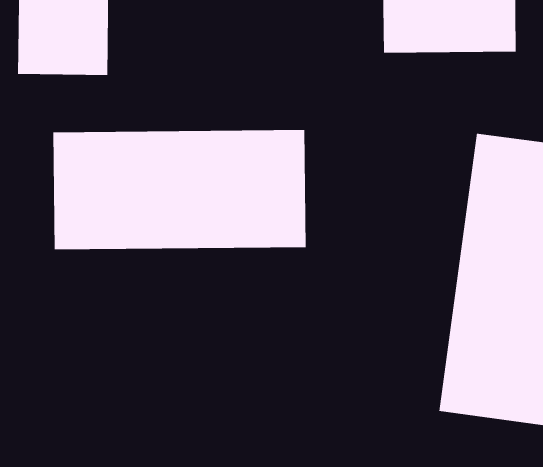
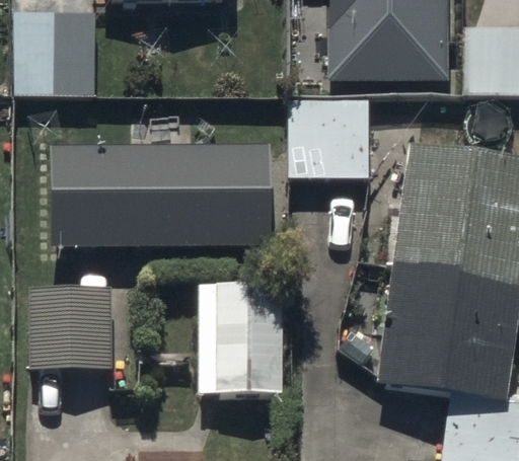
building: none -> [287,98,368,171]
building: none -> [200,282,283,397]
building: none -> [29,287,115,374]

